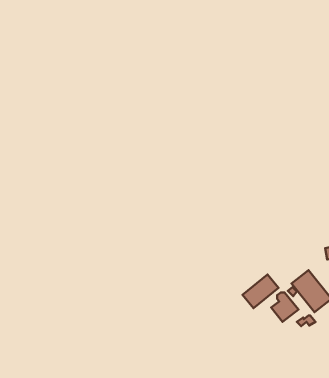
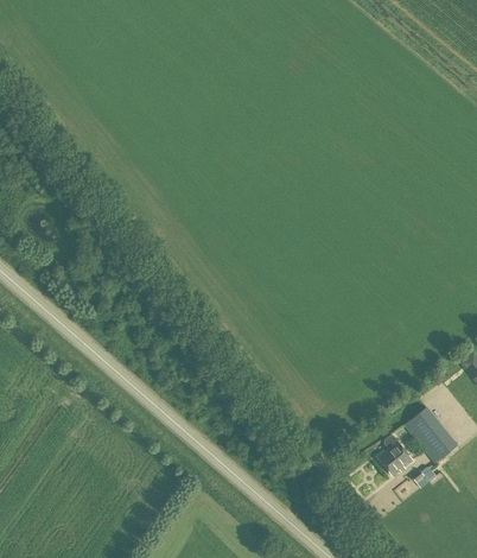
building: [242,275,278,308] -> none

